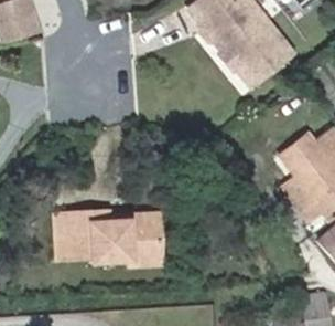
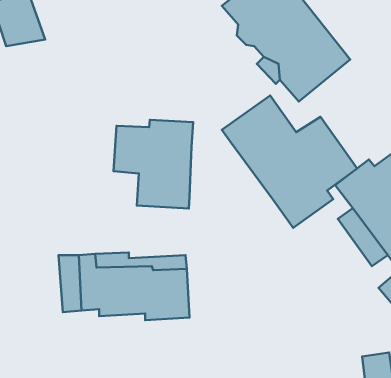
building: none -> [222,96,357,228]
building: none -> [114,120,193,208]

